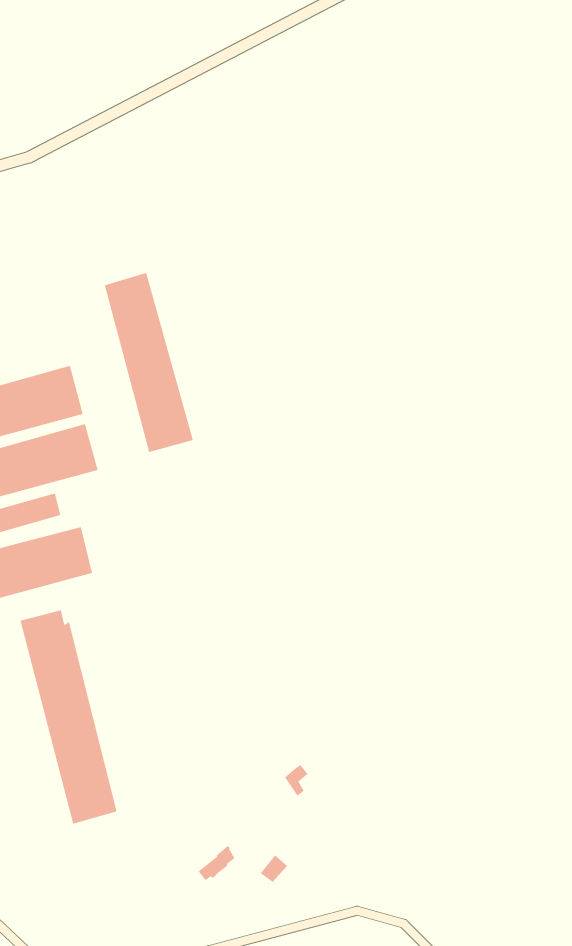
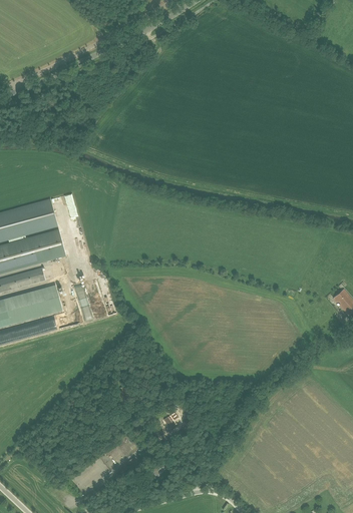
building: [104,272,194,453] -> none
building: [20,610,117,824] -> none

